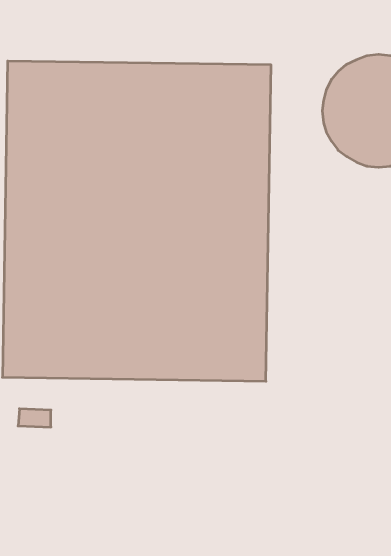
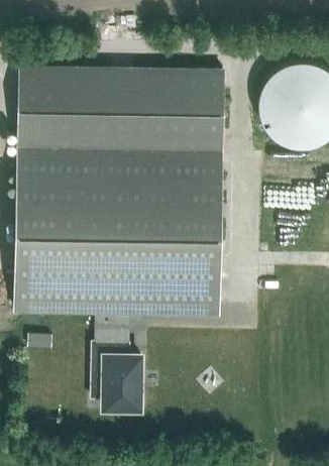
building: none -> [91,330,142,410]

